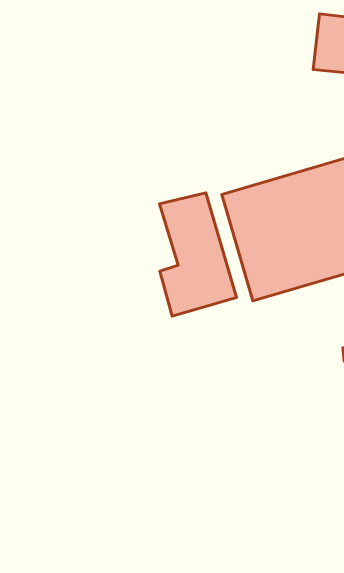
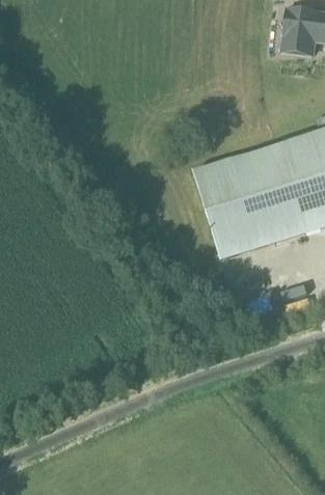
building: [160,193,237,316] -> none

